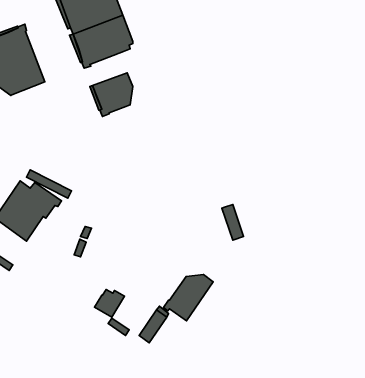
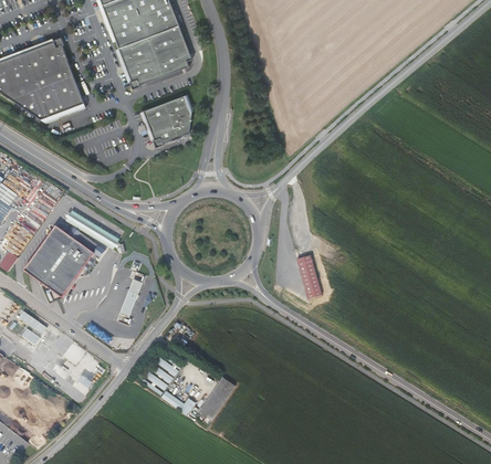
building: [163,274,213,321] -> none

